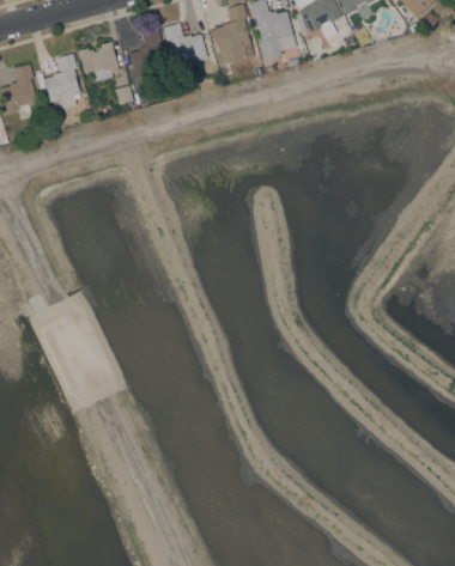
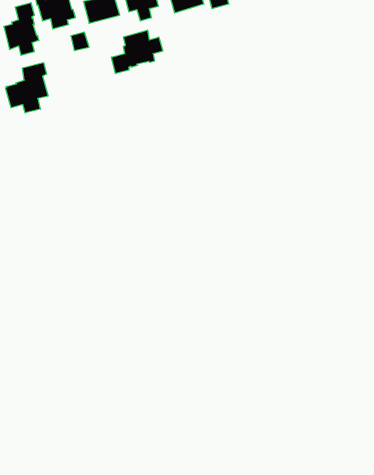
building: none -> [111,30,163,74]
building: none -> [5,63,48,113]

